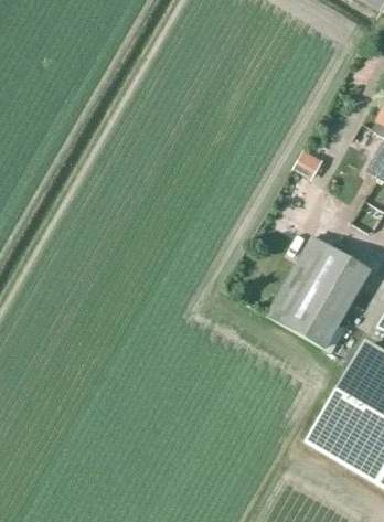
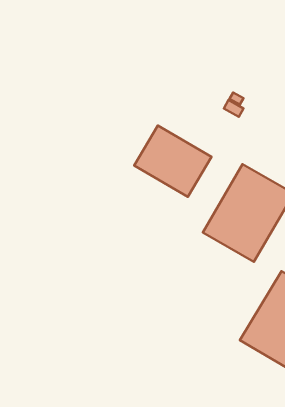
building: none -> [134,125,212,197]

